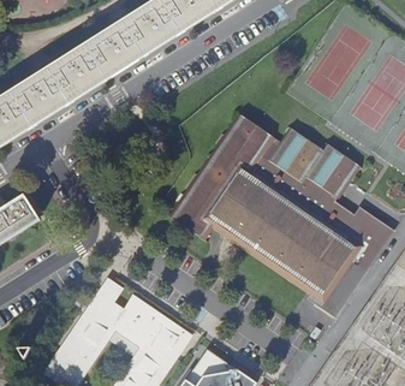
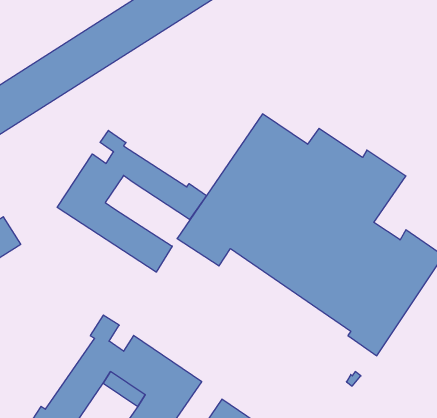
building: none -> [57,130,206,272]

